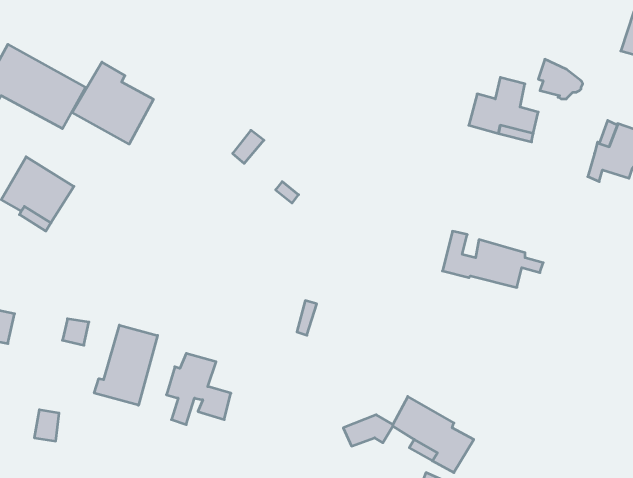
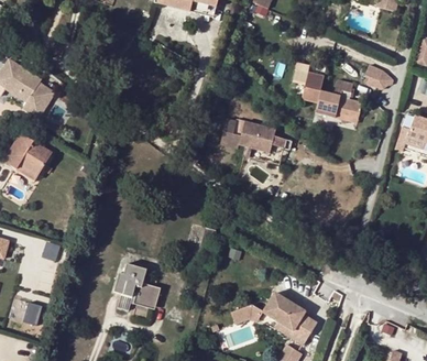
building: [72,62,153,144] -> none
building: none -> [299,73,324,106]
building: [442,231,543,287] -> [219,116,286,153]
building: [94,325,158,405] -> none

